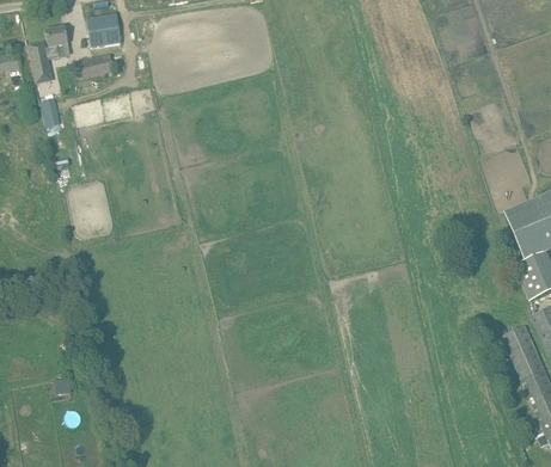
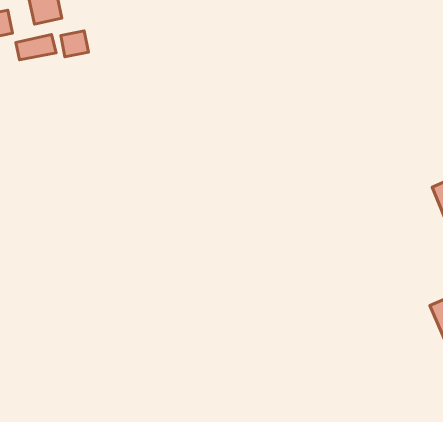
building: none -> [61,31,89,57]

